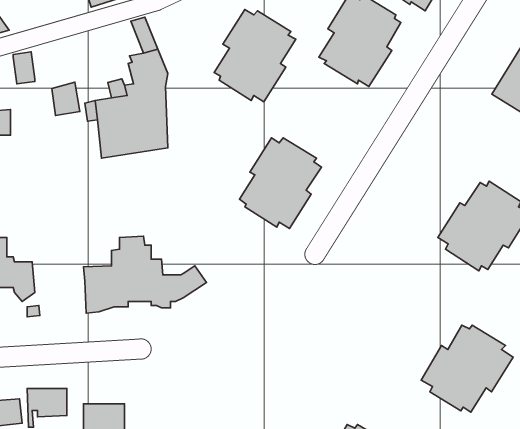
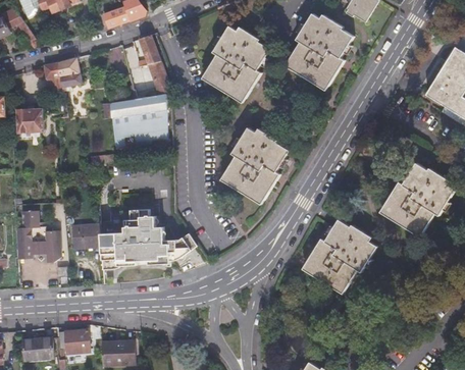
building: [52,82,80,115] -> [58,57,81,84]
building: none -> [70,222,101,246]
building: [421,325,513,412] -> [305,225,378,295]

